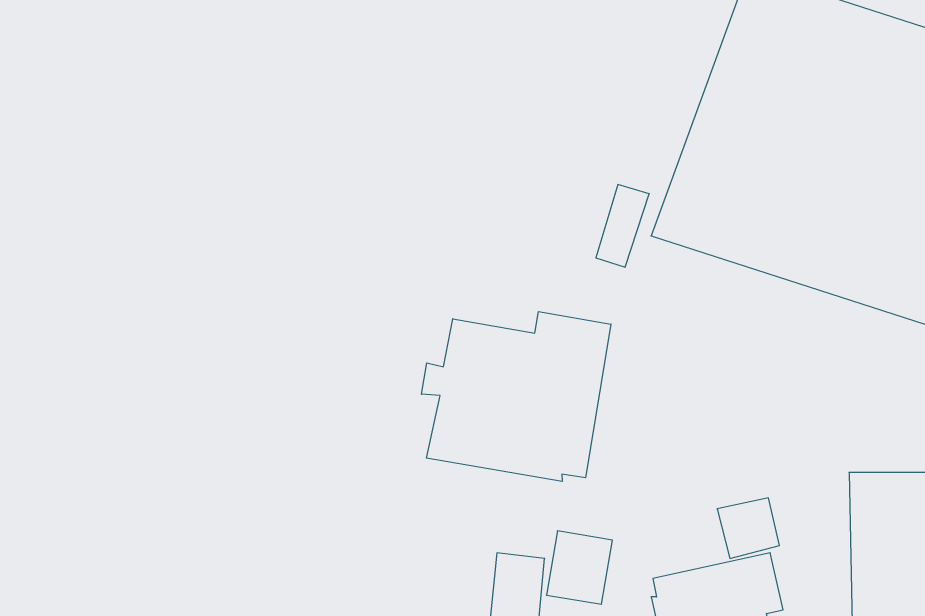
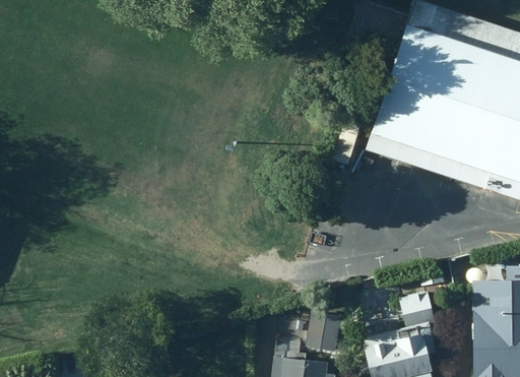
building: [421,312,611,481] -> none

